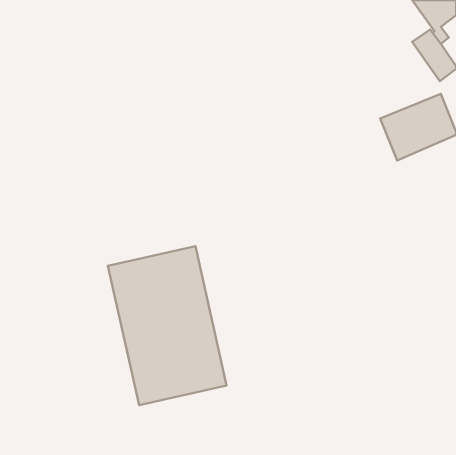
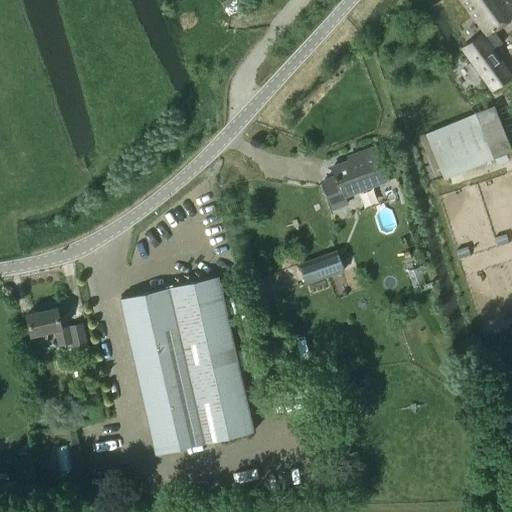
building: none -> [323,147,388,209]
building: none -> [300,252,344,284]
building: none -> [27,308,87,351]

